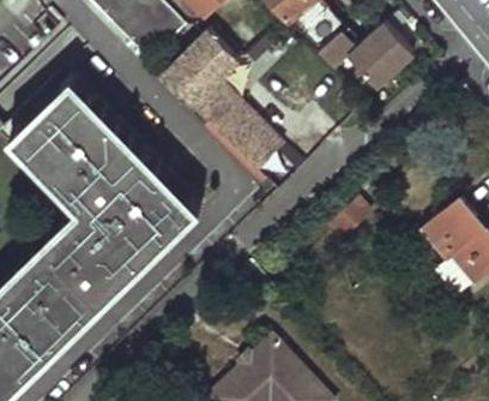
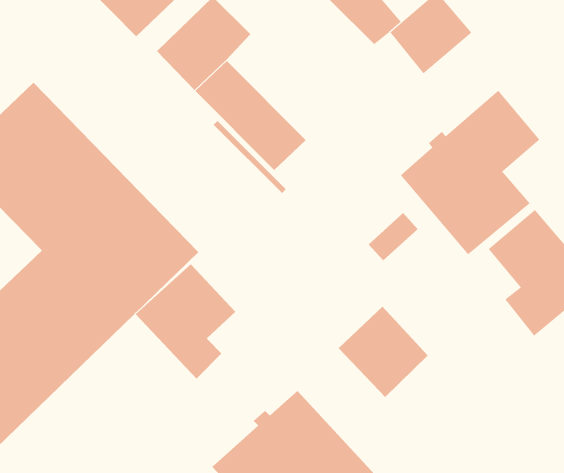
building: none -> [400,90,540,255]
building: none -> [135,263,236,380]
building: none -> [338,306,428,398]

